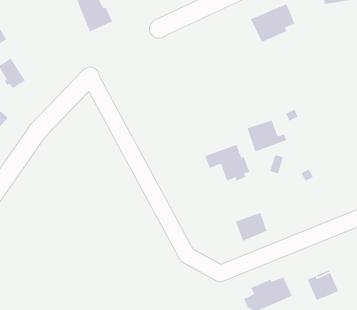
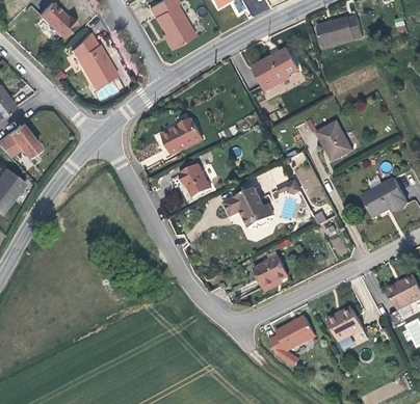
building: none -> [159,117,200,155]
building: none -> [317,120,353,161]
building: none -> [176,165,206,198]

